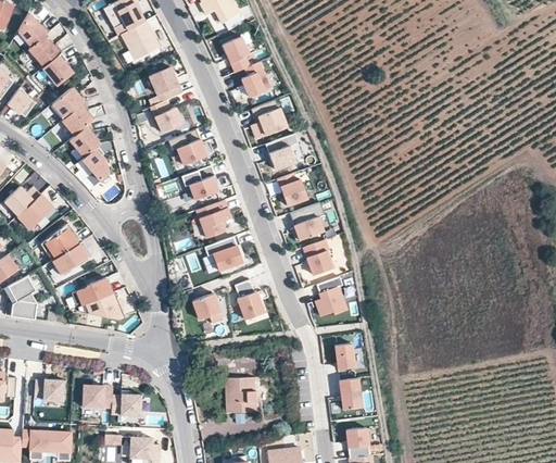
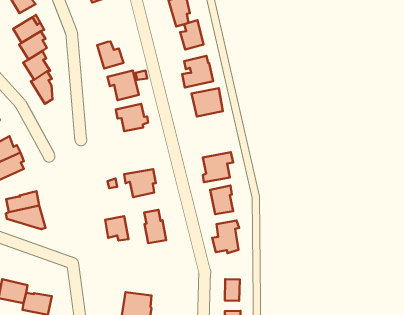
building: [148,66,181,102] -> none
building: [276,174,306,207] -> none
building: [195,200,226,237] -> none

